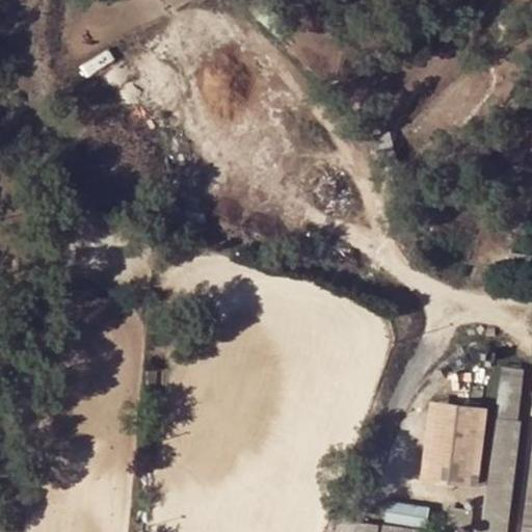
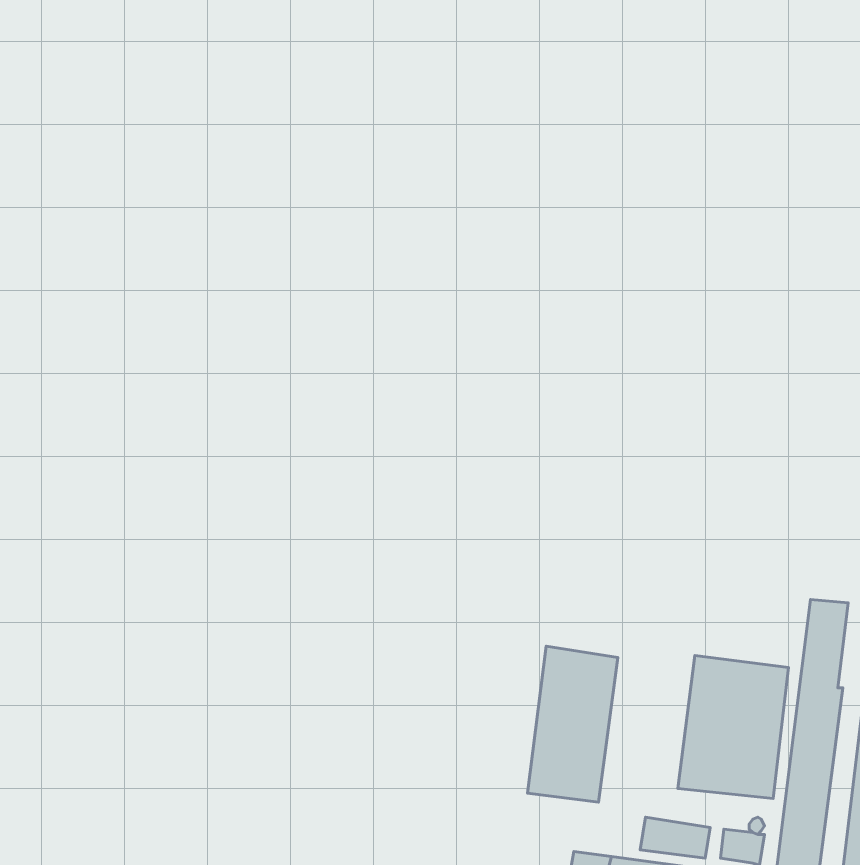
building: none -> [528,646,618,802]

